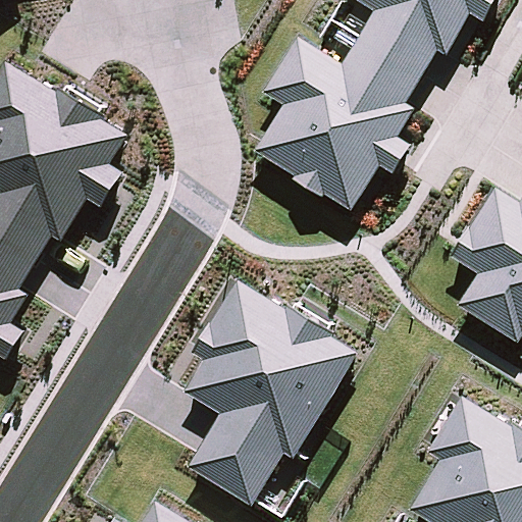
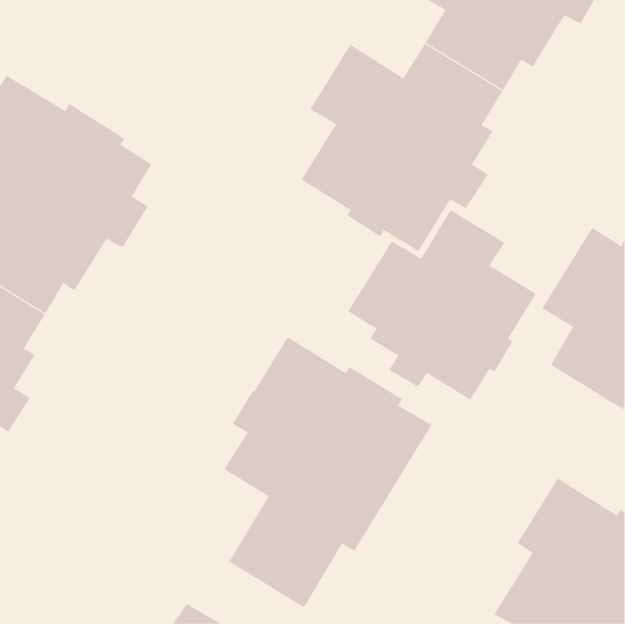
building: none -> [348,209,536,400]

